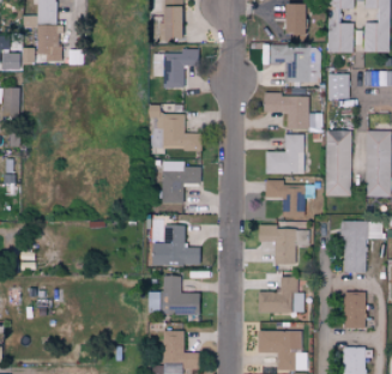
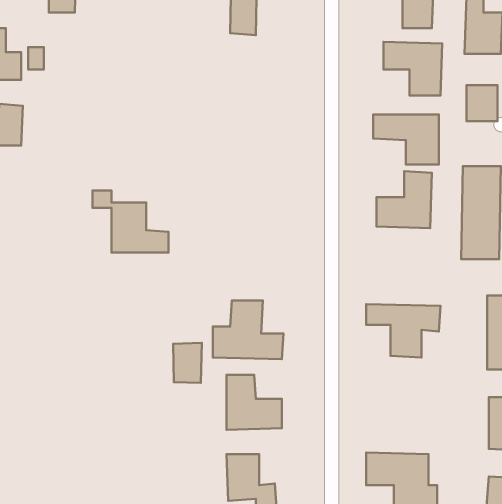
building: [37,25,62,61] -> none
building: [163,49,199,89] -> none
building: [147,105,200,149] -> [93,191,168,253]
building: [163,161,200,203] -> none
building: [265,180,313,215] -> none
building: none -> [173,343,202,383]
building: [257,276,304,313] -> none

